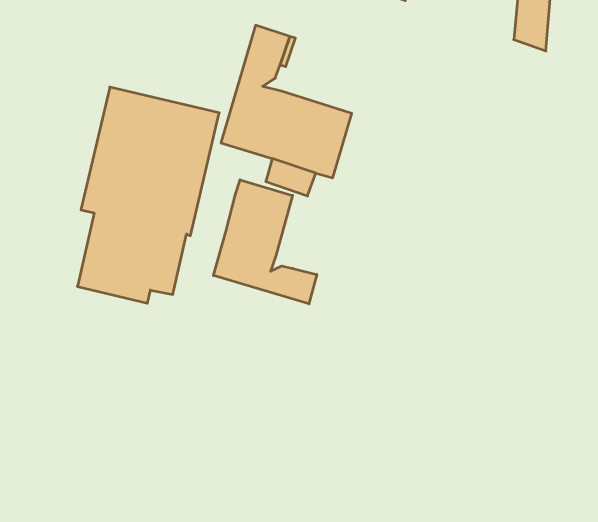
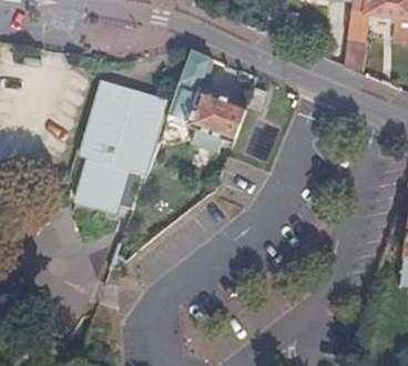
building: [213,180,317,304] -> none

